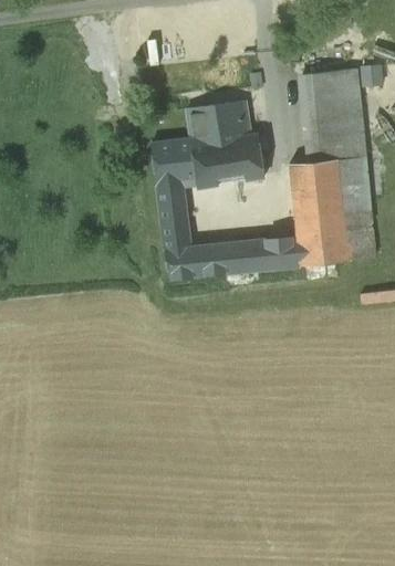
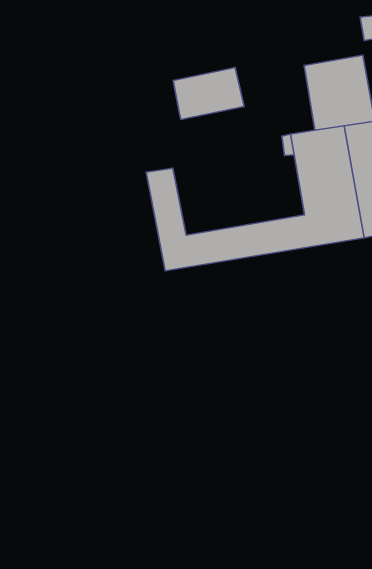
building: [303,69,360,103] -> none
building: [152,135,266,189] -> none

